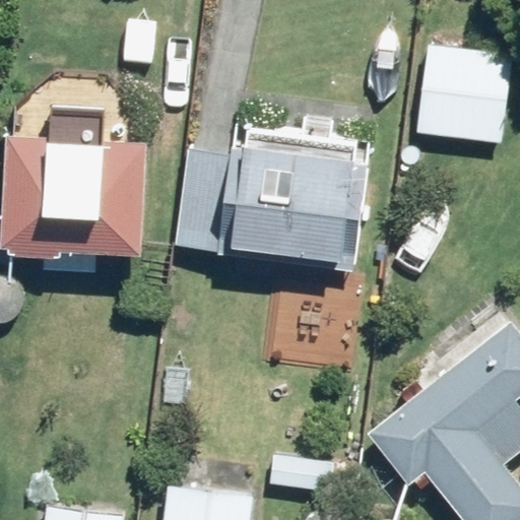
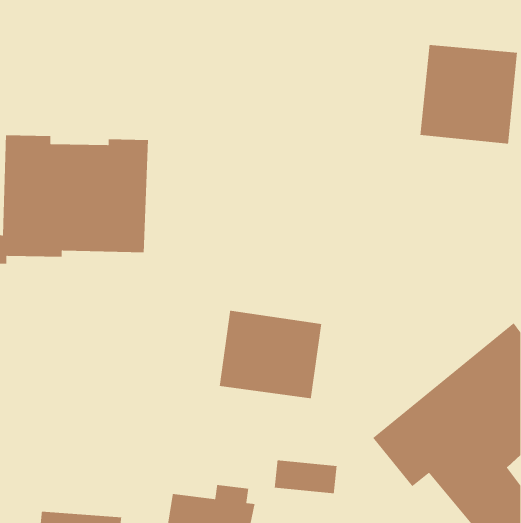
building: [174,146,365,270] -> none
building: none -> [219,310,322,399]

